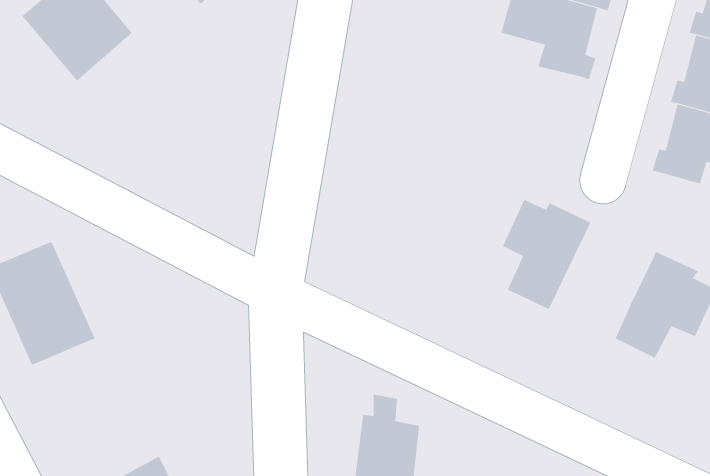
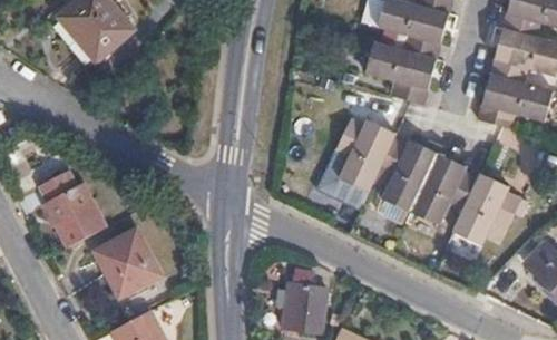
building: none -> [364,42,429,105]
building: none -> [333,118,394,194]
building: none -> [409,154,477,225]
building: none -> [94,227,162,295]

